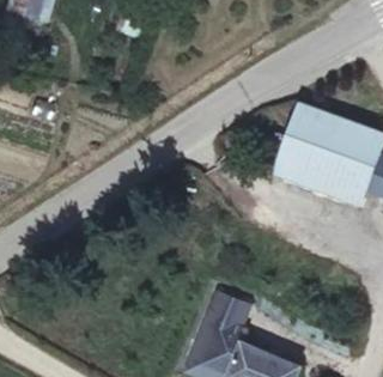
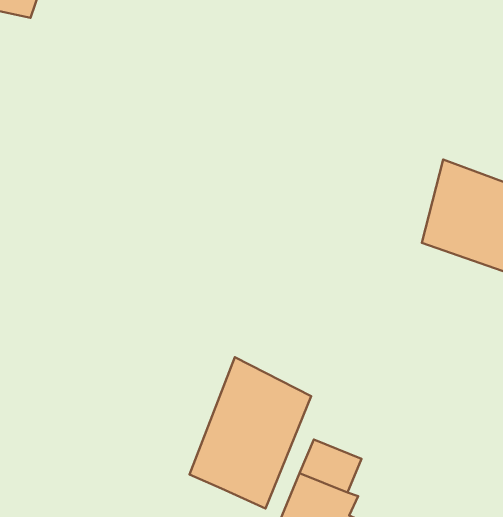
building: none -> [189,357,311,508]

